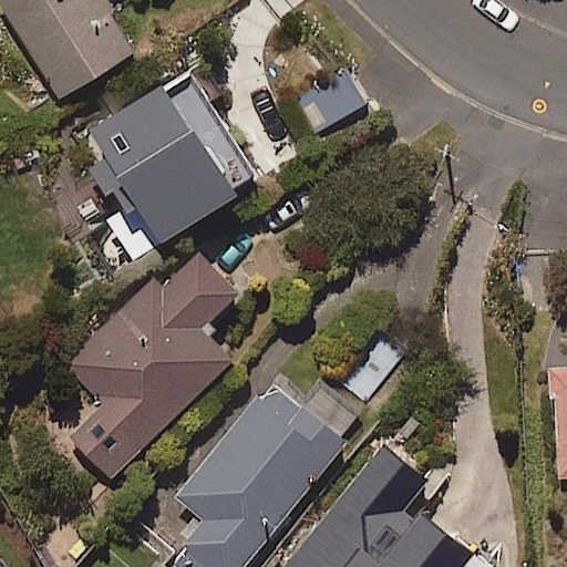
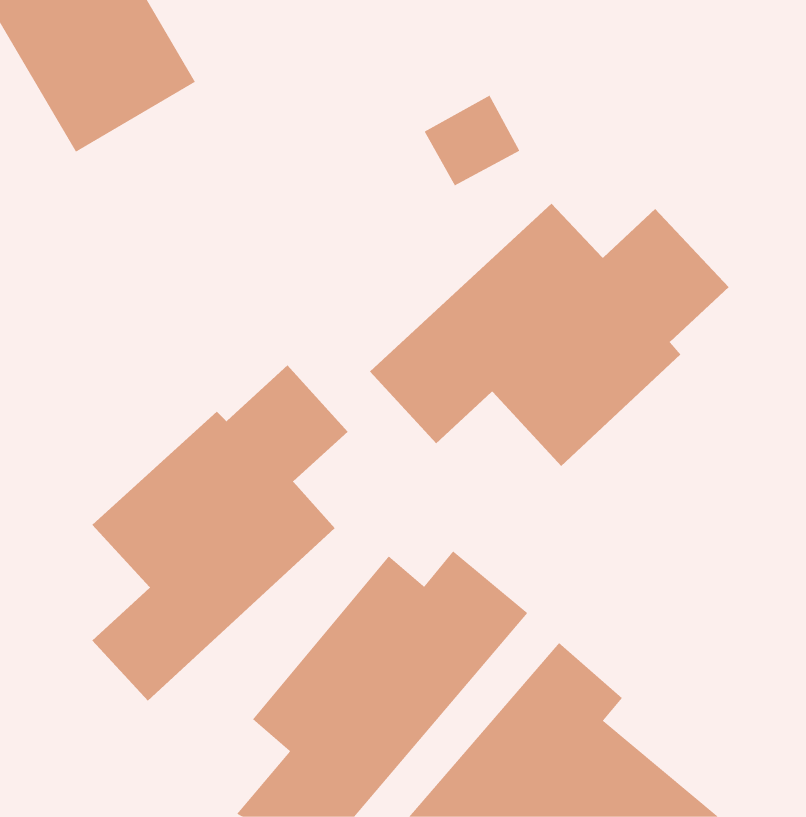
building: [72,73,277,260] -> none
building: none -> [369,203,730,467]

